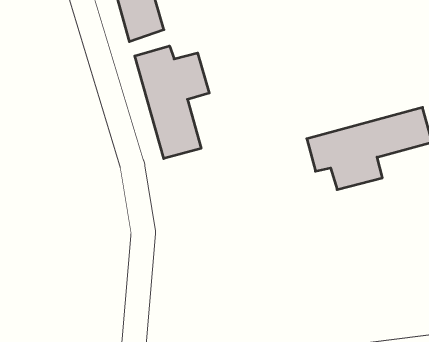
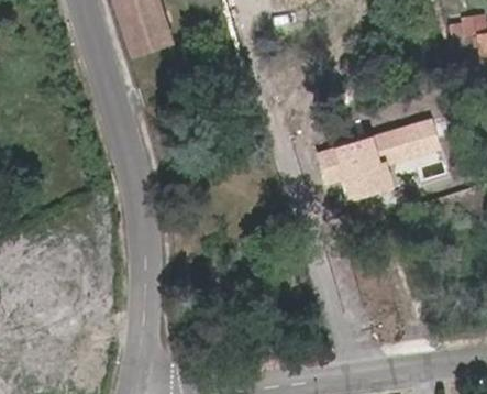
building: [135,46,209,159] -> none

